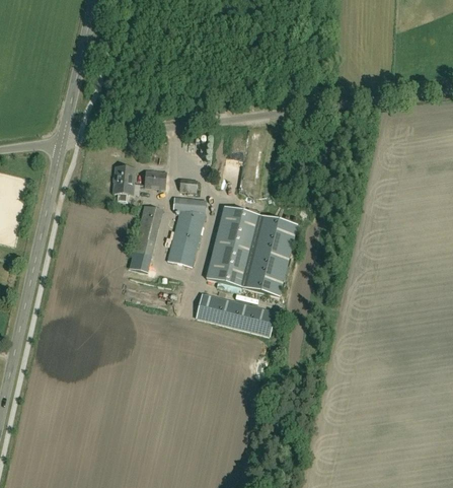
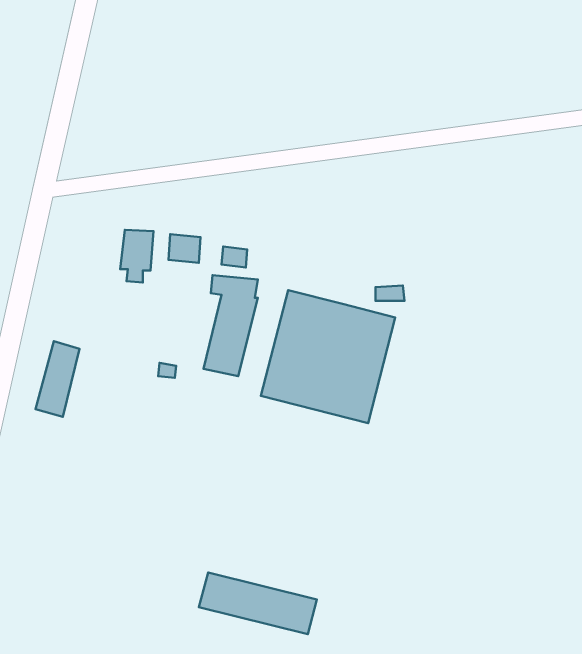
building: [133,204,162,255] -> [36,341,79,417]
building: [197,293,276,335] -> [199,572,317,634]

